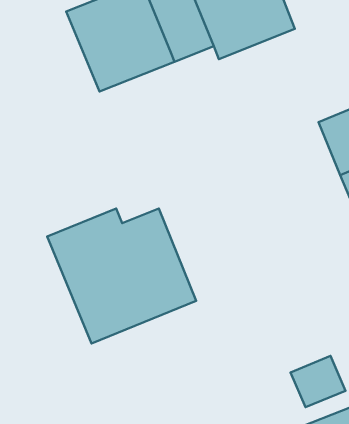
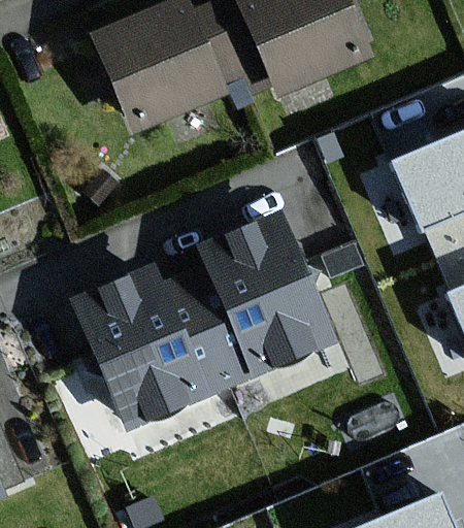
building: none -> [202,211,338,374]

